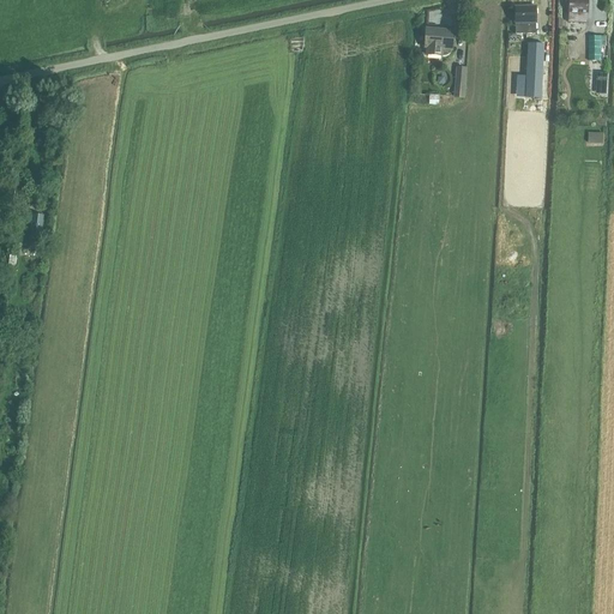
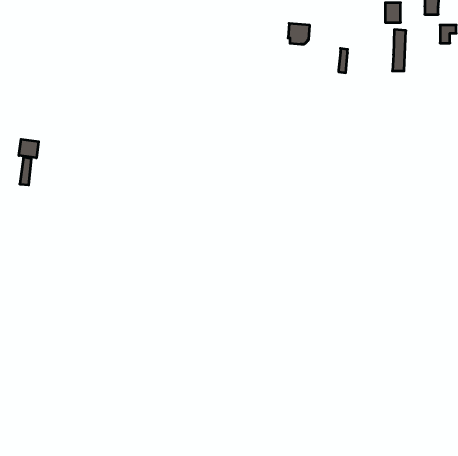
building: [423,25,452,53] -> [288,23,310,44]
building: none -> [19,139,39,158]

